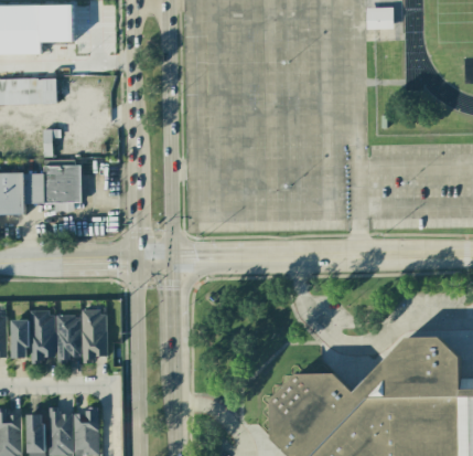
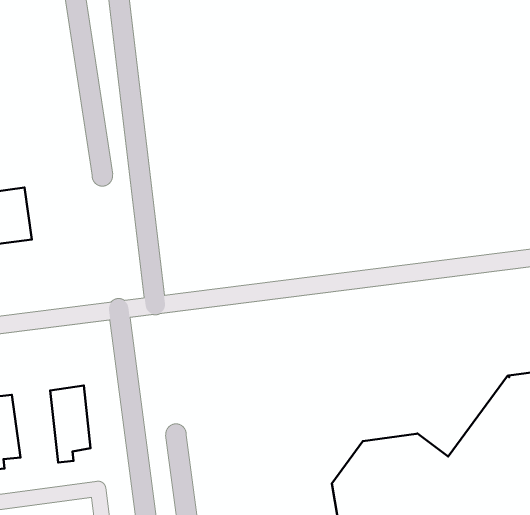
building: [55,316,79,359] -> none

